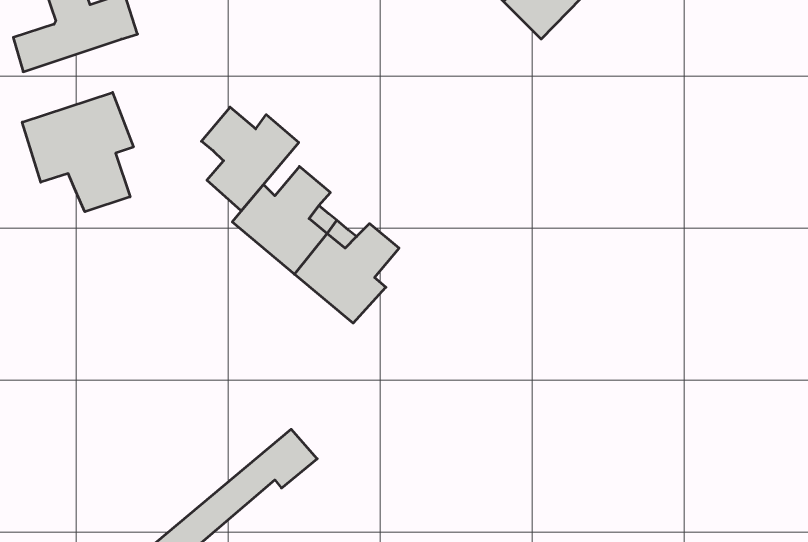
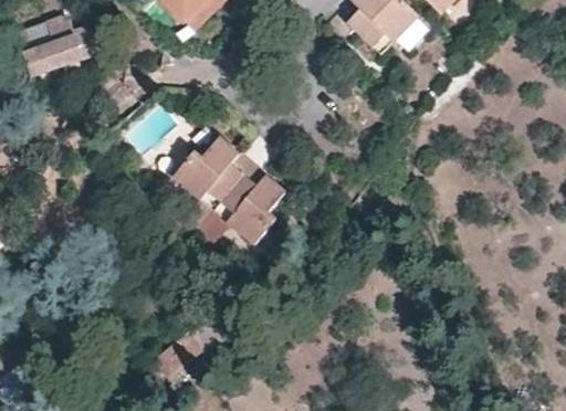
building: [22,92,133,212] -> none
building: [201,107,299,211] -> none

